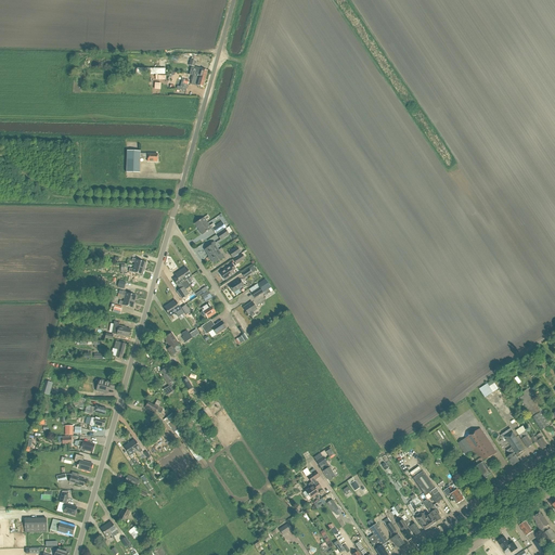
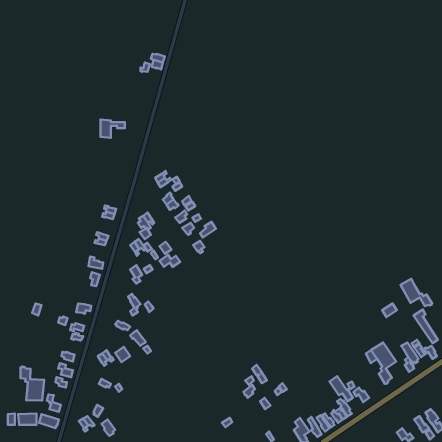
building: none -> [401,279,432,306]
building: none -> [21,367,44,401]

